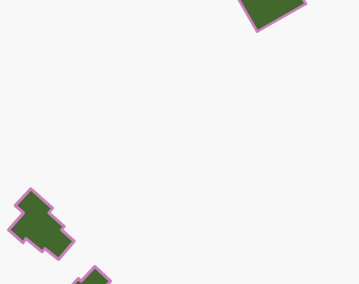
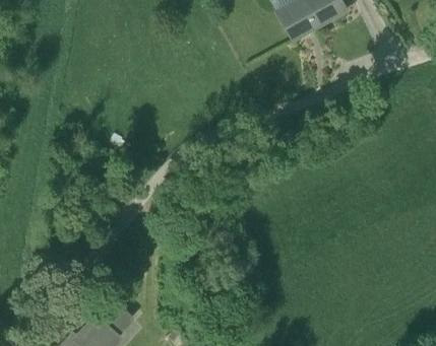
building: [9,189,74,260] -> none

